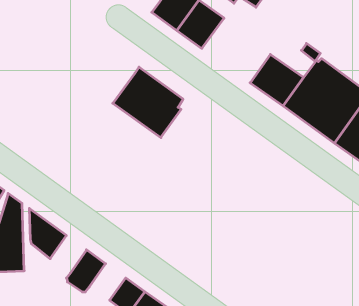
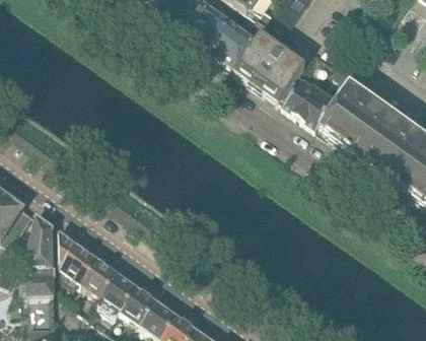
building: [113,67,183,138] -> [233,33,304,105]
building: none -> [80,259,117,296]
building: none -> [120,287,156,324]

